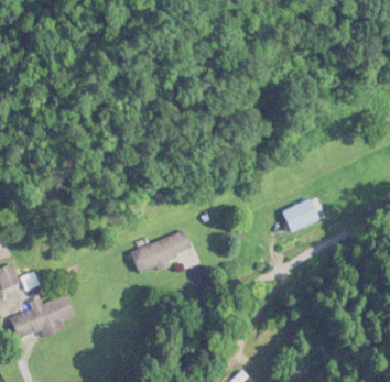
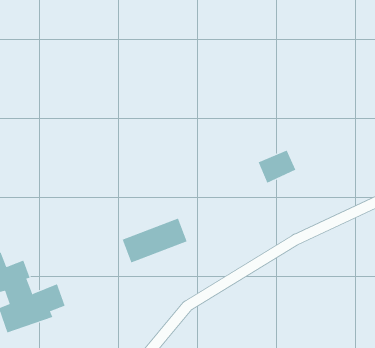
building: [282,198,319,231] -> [258,150,296,184]

